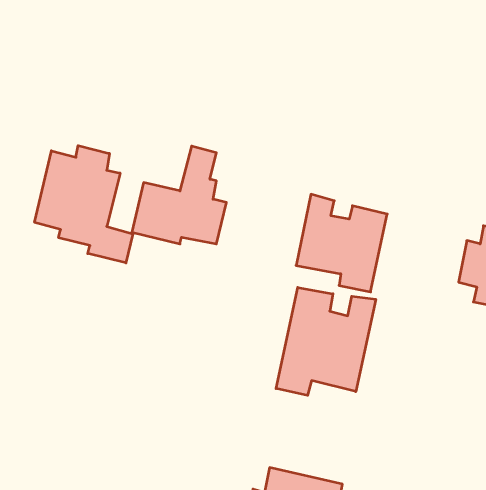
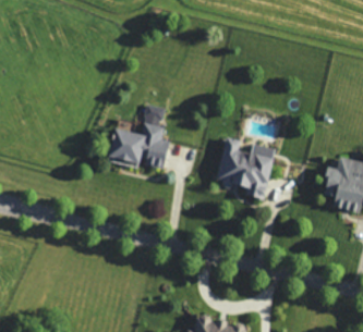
building: [35,146,133,263] -> none
building: [276,287,376,395] -> none

